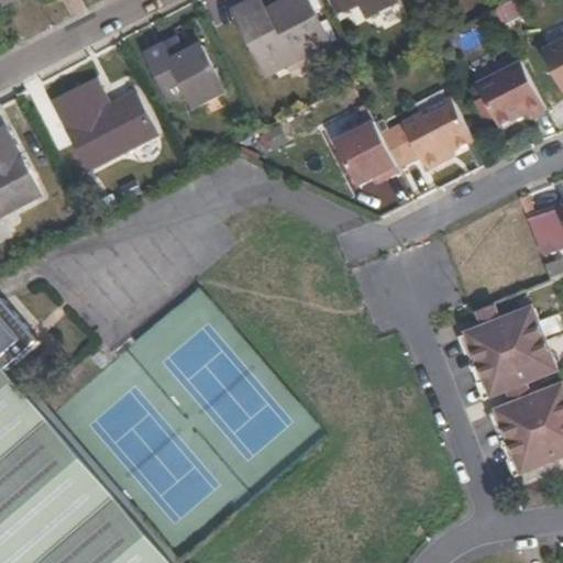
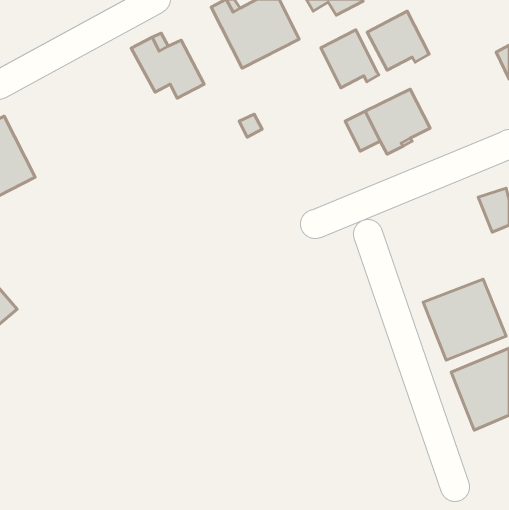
building: [477,62,545,126] -> [367,11,429,70]
building: [52,77,156,169] -> none
building: [334,120,398,184] -> [321,30,379,88]

